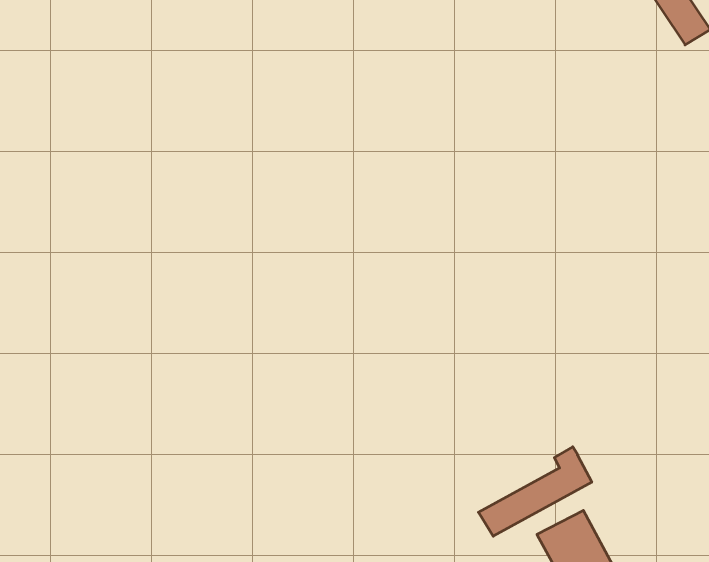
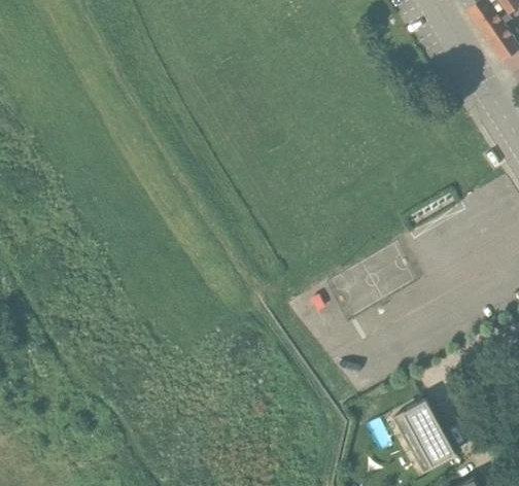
building: [478,447,592,536] -> none

